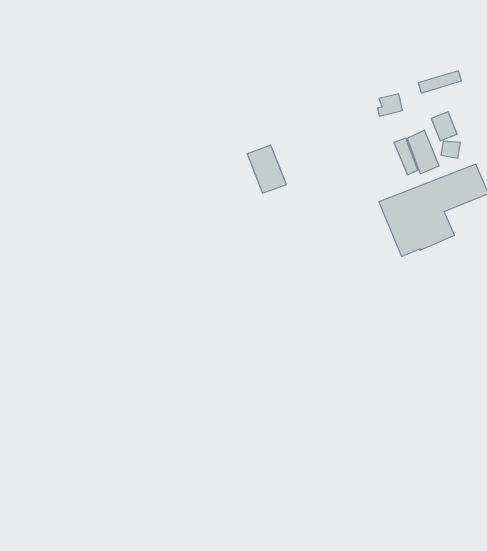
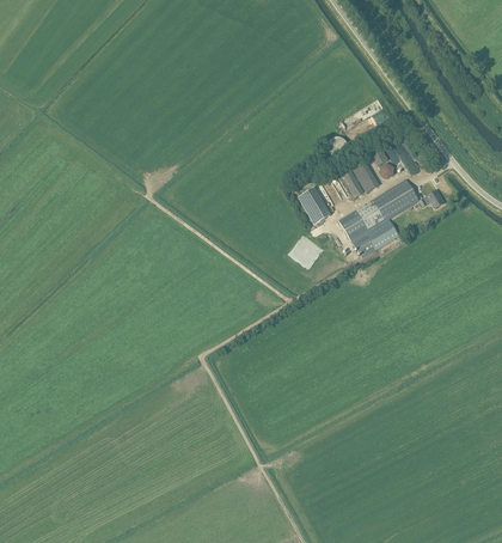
building: [247,145,286,193] -> [298,188,331,225]

